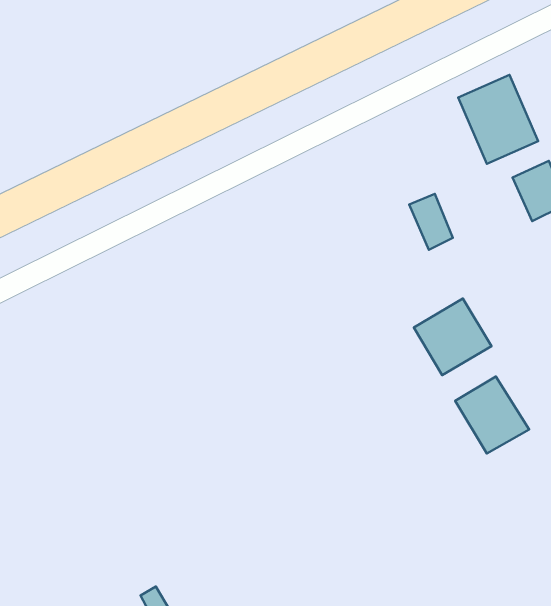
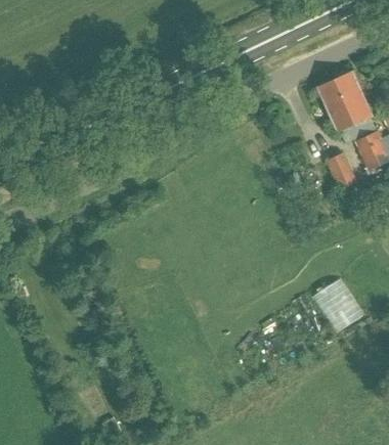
building: [409,194,453,250] -> [327,152,356,190]
building: [414,299,491,375] -> none

